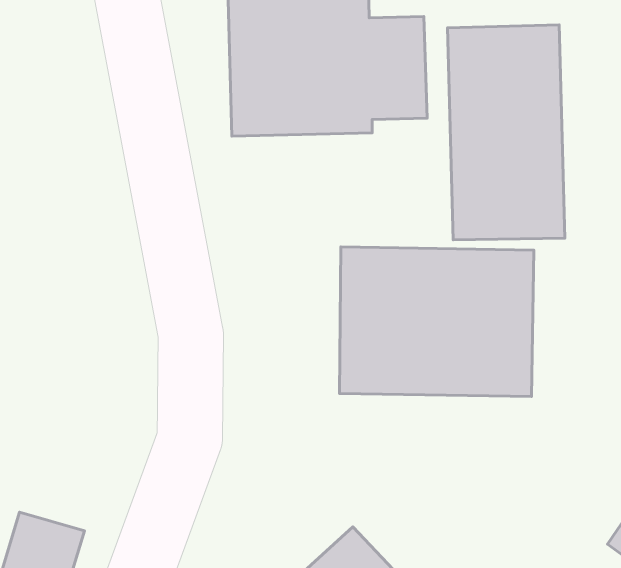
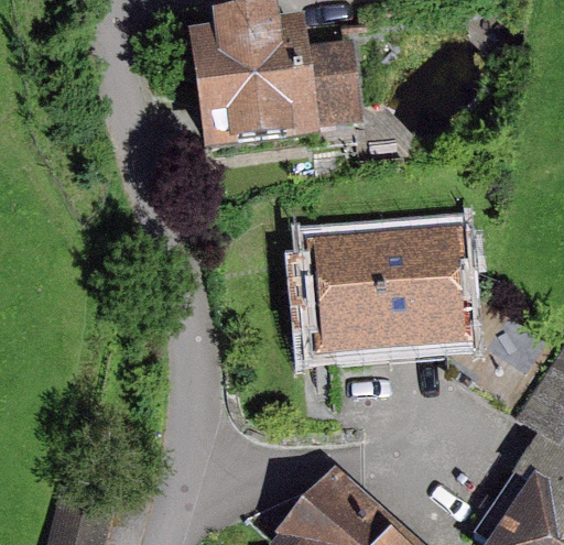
building: [448,25,565,240] -> none

